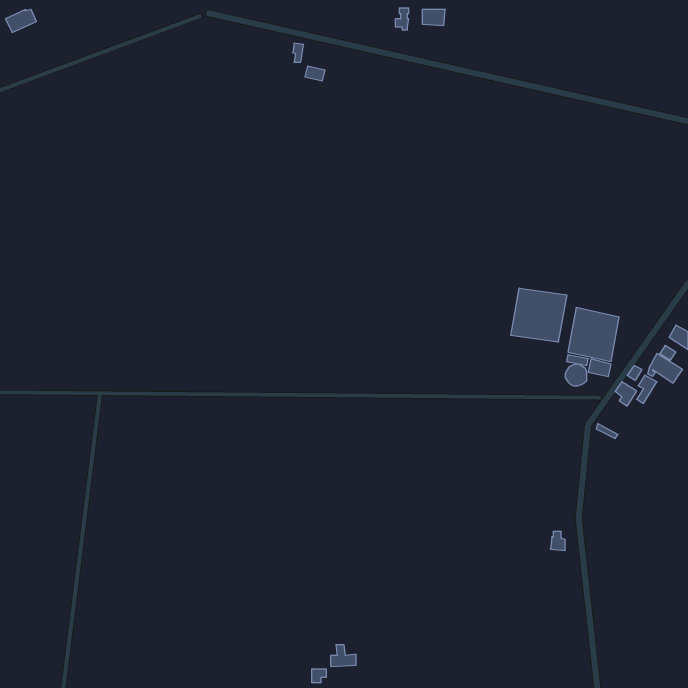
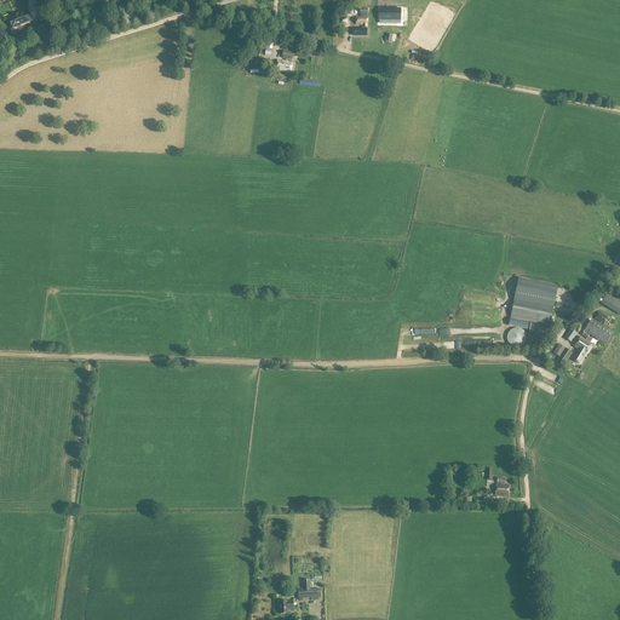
building: [511,288,567,342] -> none

